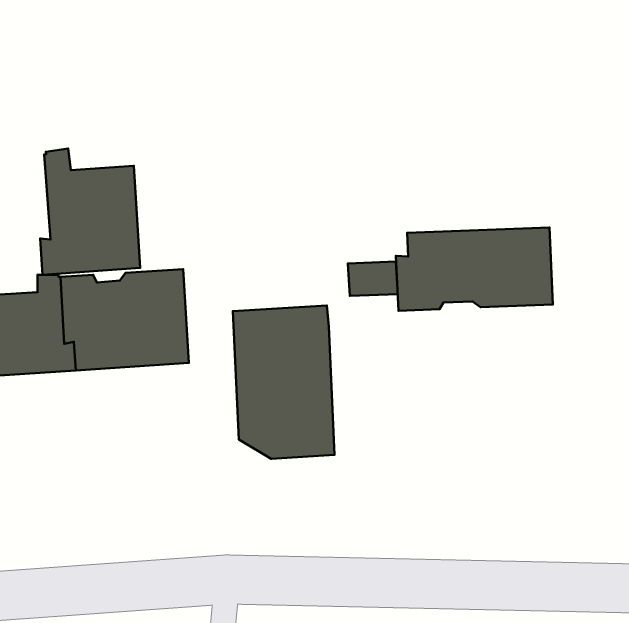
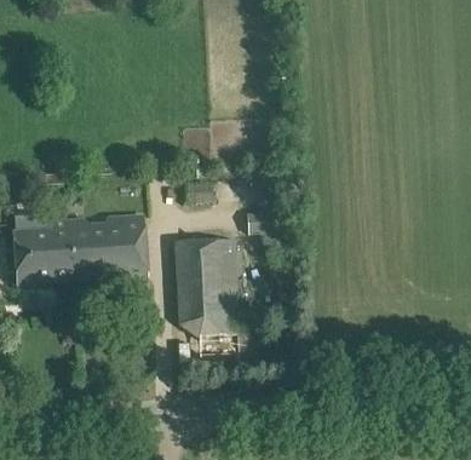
building: [40,149,140,275] -> none
building: [396,228,553,311] -> none

